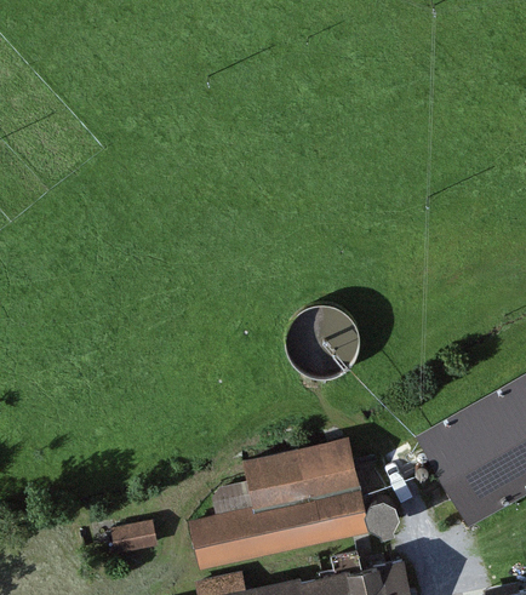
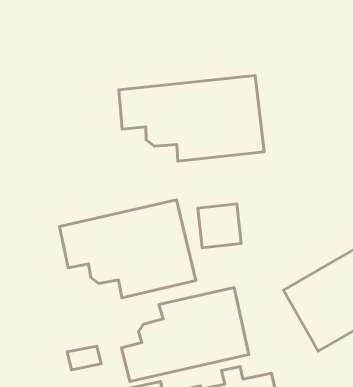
building: none -> [119,76,264,161]
building: none -> [60,200,196,298]

